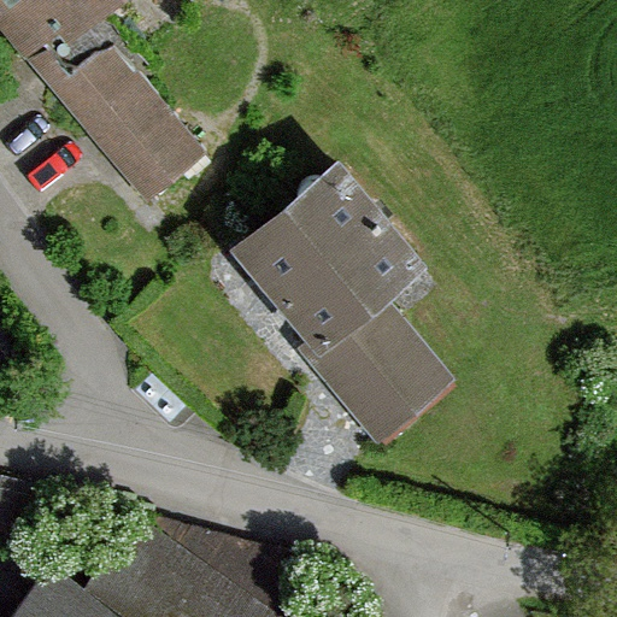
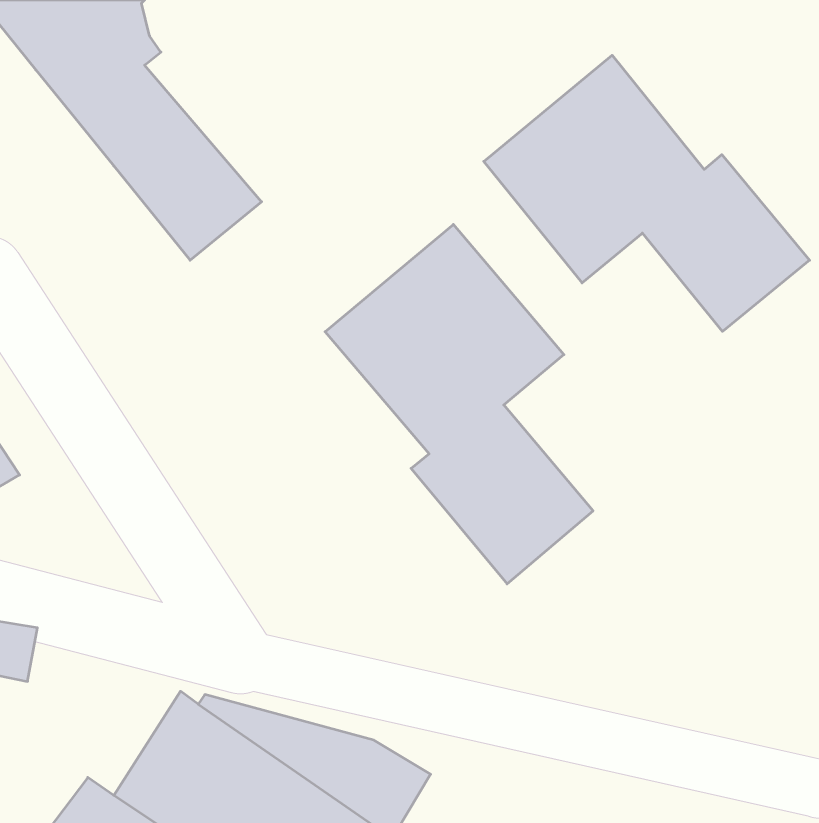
building: none -> [484,55,810,331]

